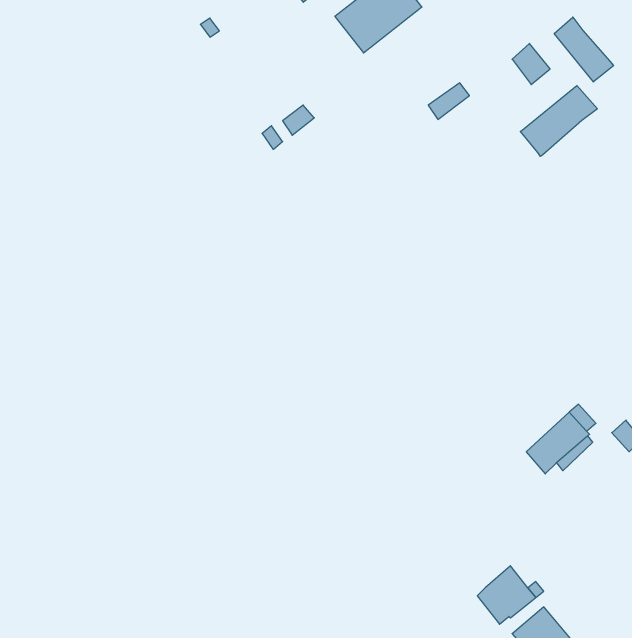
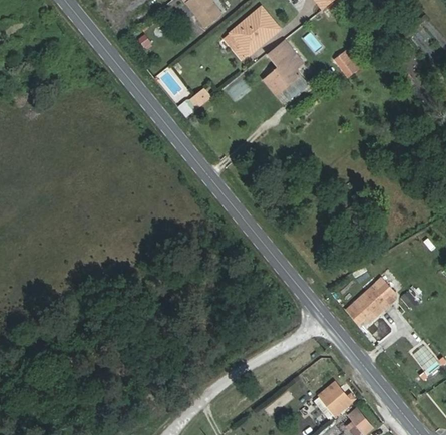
building: [554,17,614,82] -> none
building: none -> [262,37,304,91]
building: [520,86,597,156] -> none

